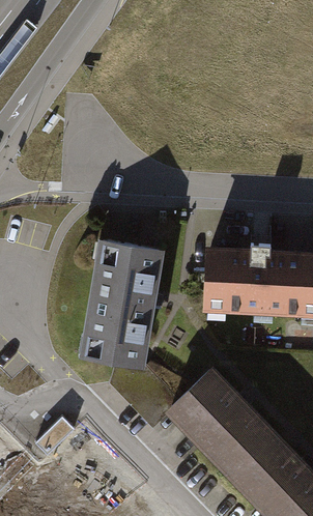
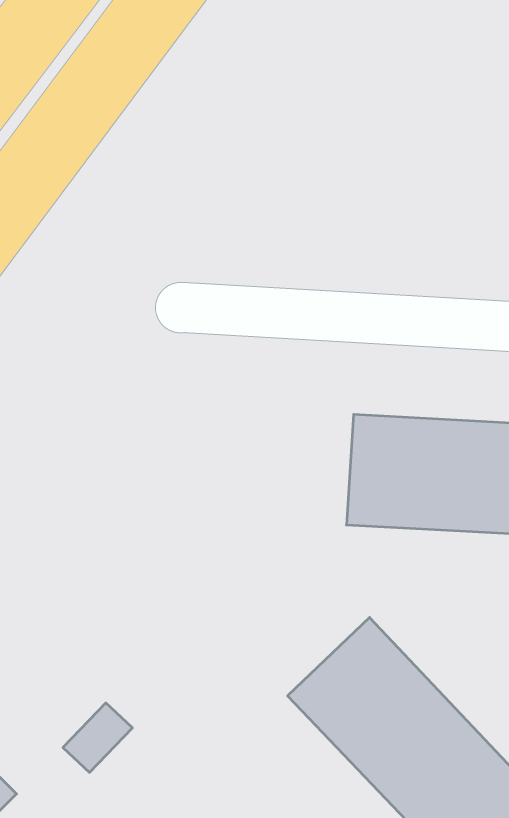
building: [79,242,164,371] -> none

